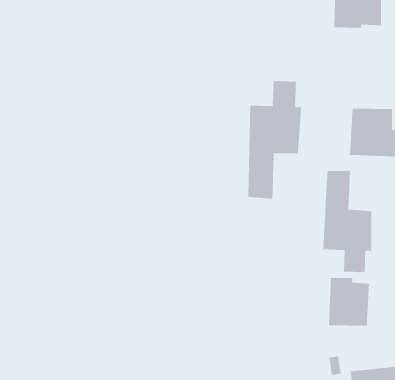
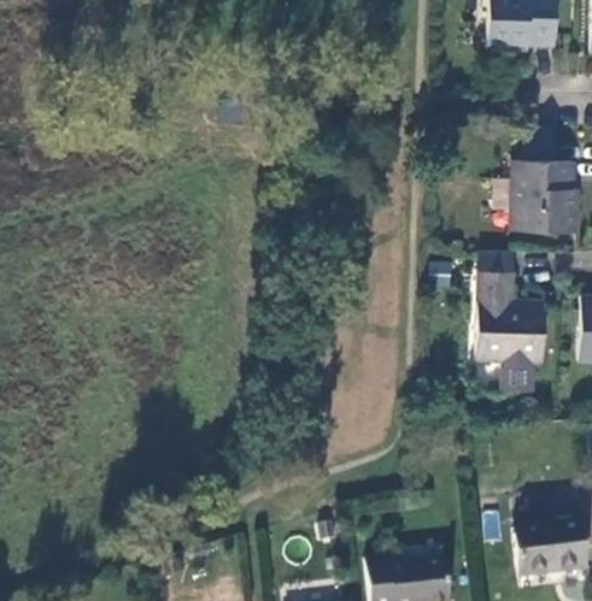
building: [248,80,302,200] -> none
building: [328,277,369,326] -> none

